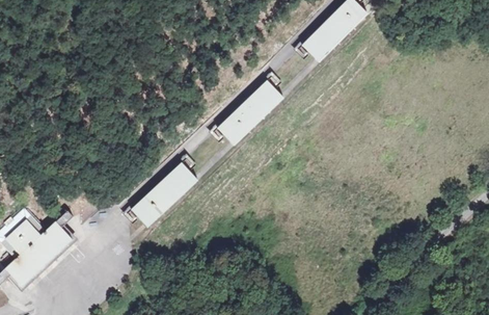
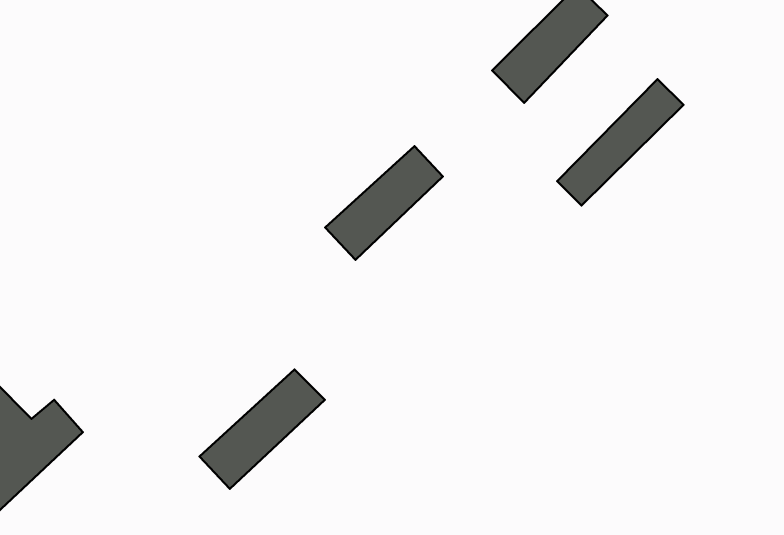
building: none -> [557,79,683,205]
building: [129,163,197,229] -> [200,369,325,489]

